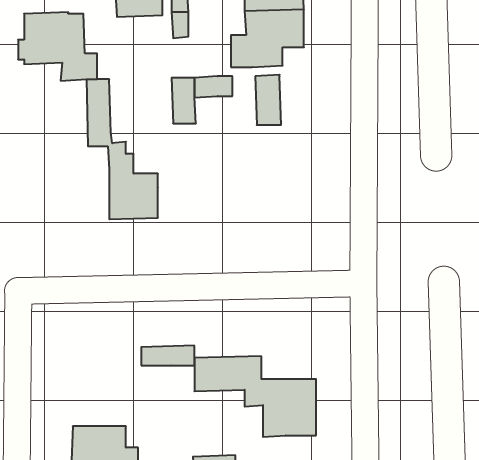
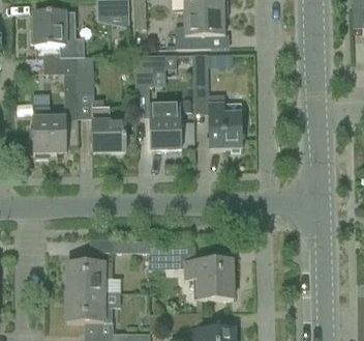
building: none -> [32,56,79,157]
building: none -> [149,102,181,154]
building: none -> [208,103,242,148]
building: none -> [67,261,112,292]

